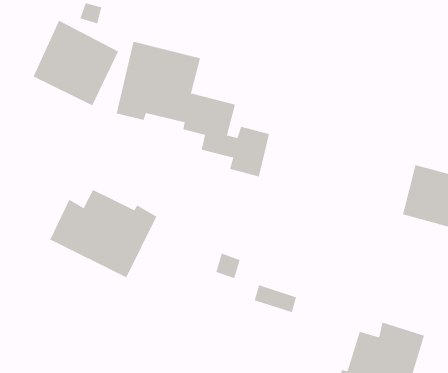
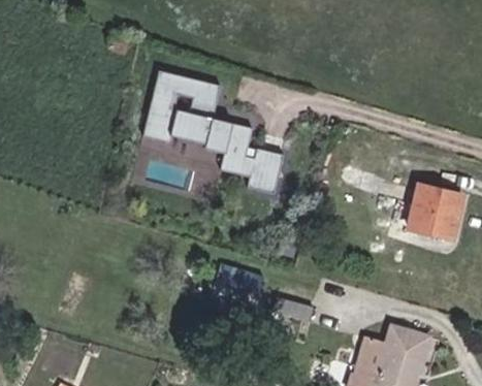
building: [33,20,119,106] -> none
building: [49,189,157,278] -> none

